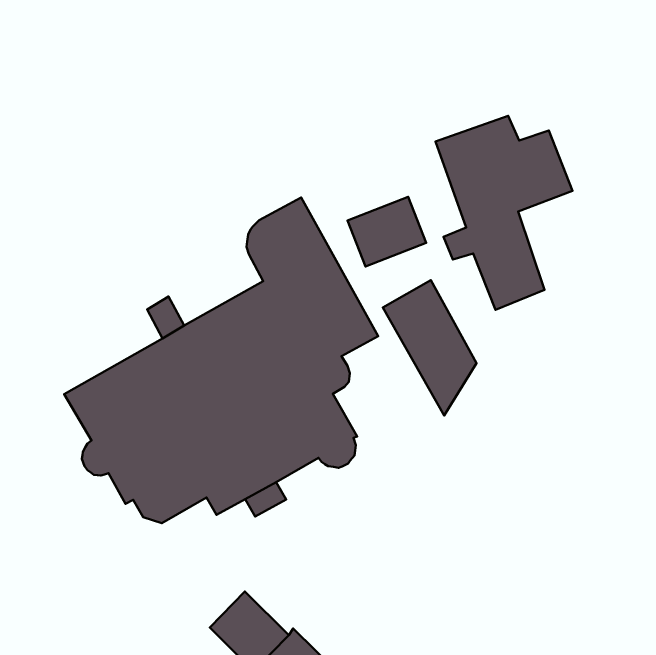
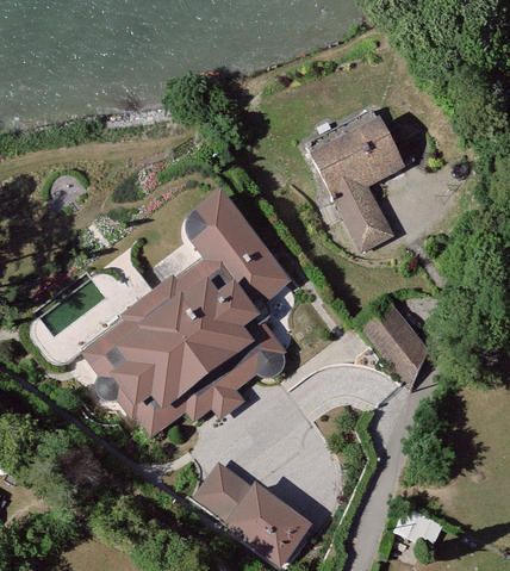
building: [348,197,426,267] -> none
building: [383,280,476,415] -> [362,298,430,387]

